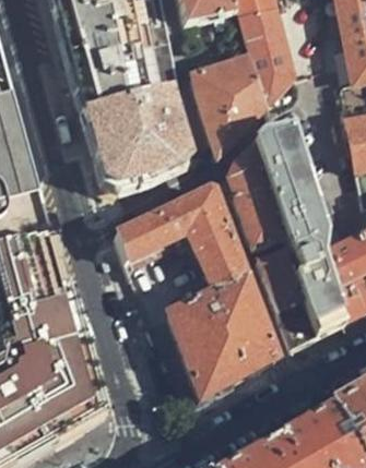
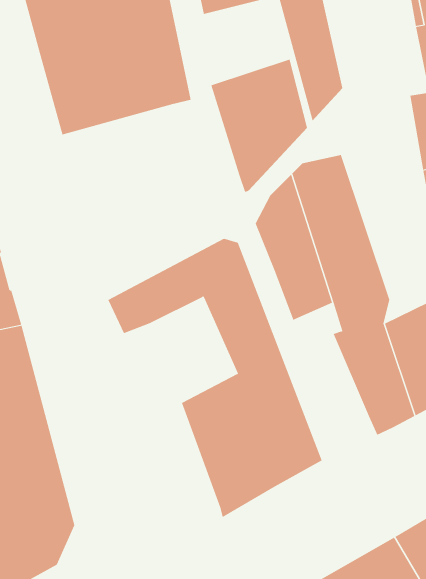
building: [84,87,185,189] -> none
building: [259,249,318,346] -> none

